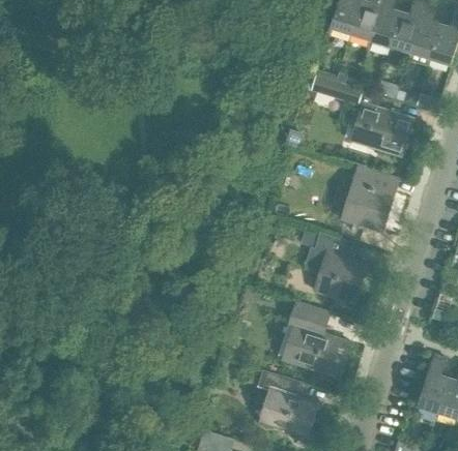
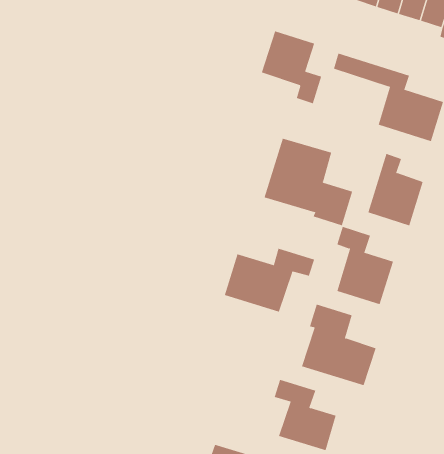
building: none -> [261,30,322,104]
building: none -> [264,138,353,226]
building: none -> [224,248,315,313]

